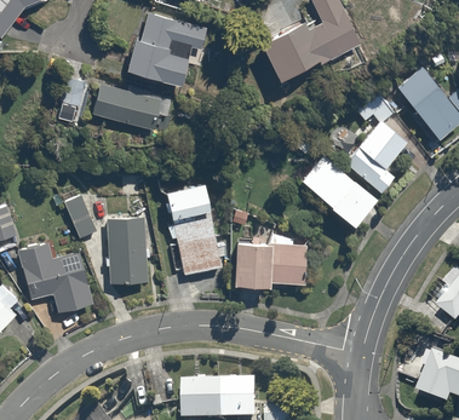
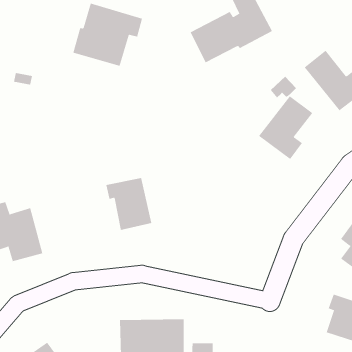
building: [91,82,173,130] -> none
building: [297,148,380,223] -> none
building: [166,182,213,218] -> none
building: [62,192,97,238] -> none
building: [105,215,145,283] -> none
building: [234,231,305,286] -> none

